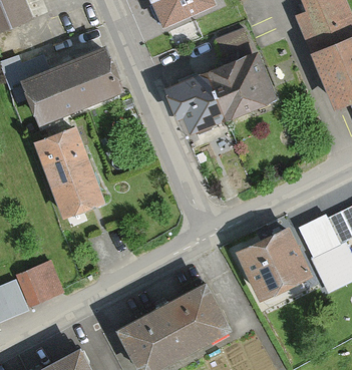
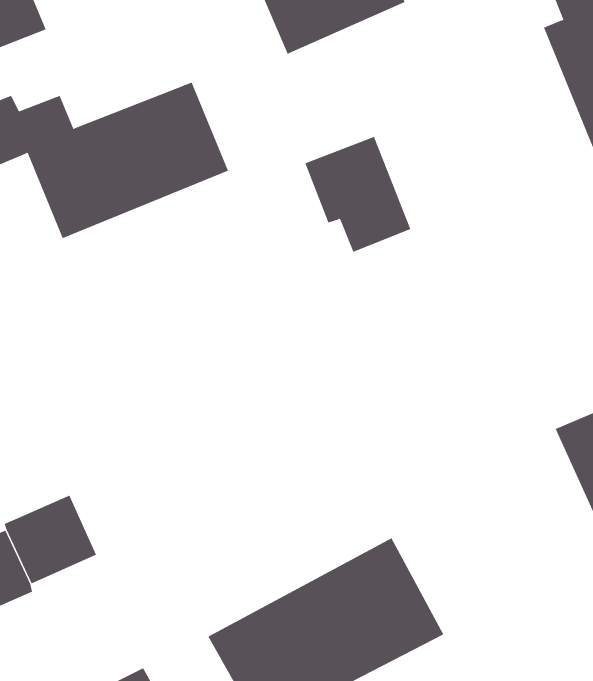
building: [206,26,273,121] -> none
building: [37,125,108,218] -> none
building: [241,229,313,302] -> none

